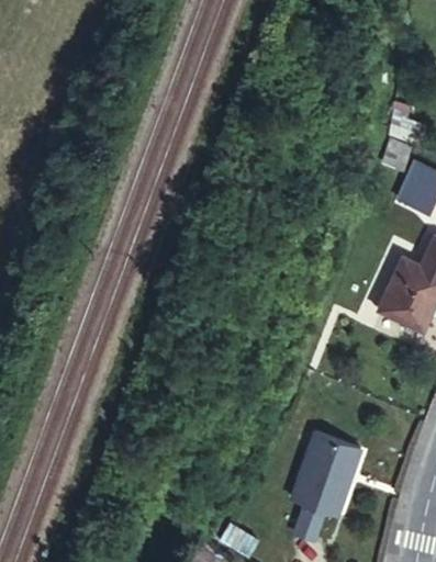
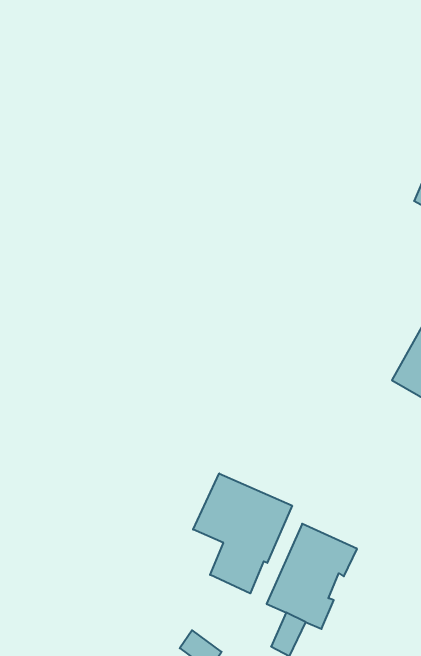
building: none -> [193,473,292,593]

